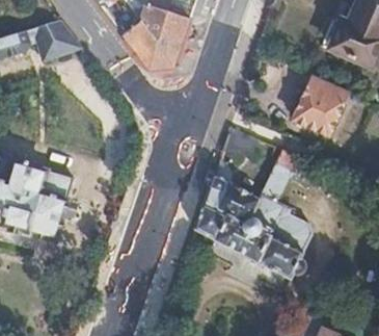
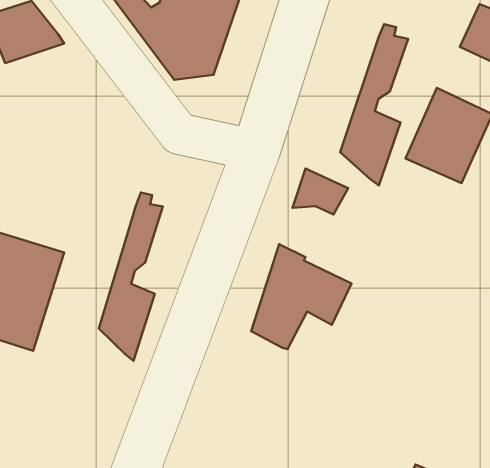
building: none -> [340,24,408,186]
building: none -> [99,193,163,361]
building: [219,151,313,278] -> none

